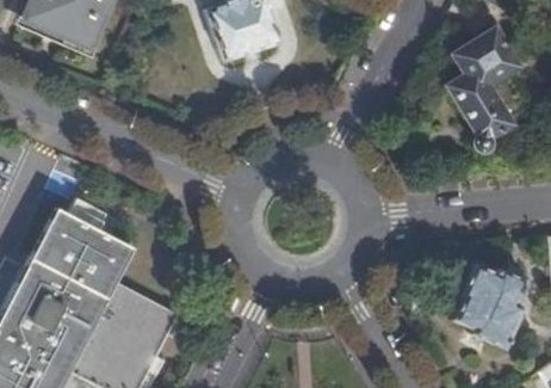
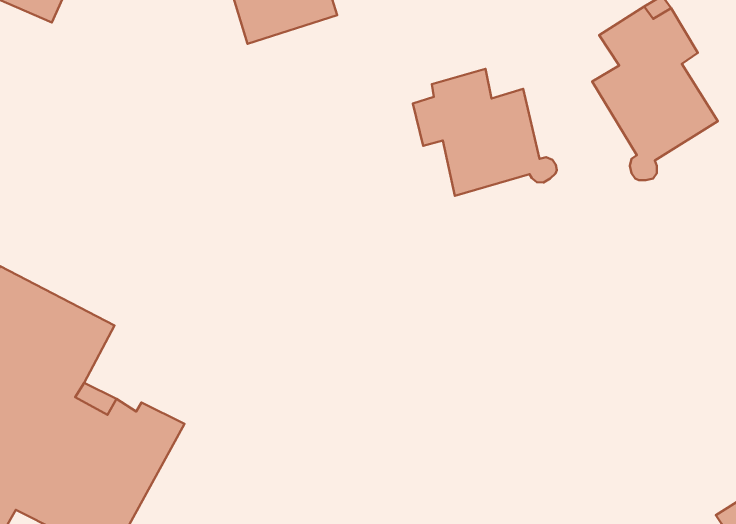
building: none -> [413,69,557,196]
building: [452,265,526,351] -> none

